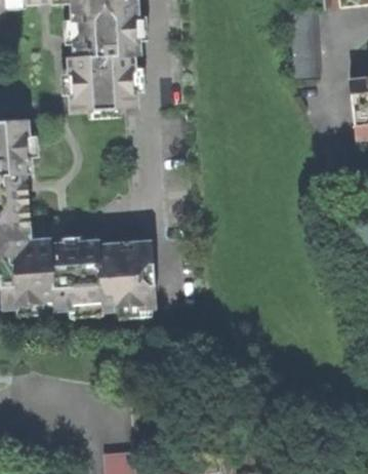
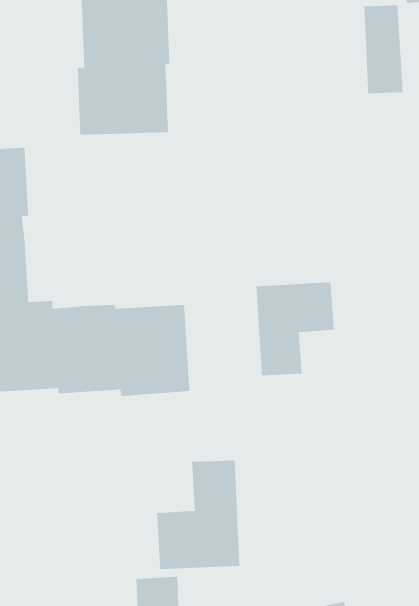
building: none -> [256,282,334,376]
building: none -> [156,460,240,570]

